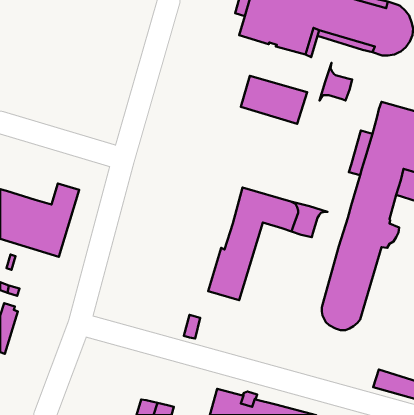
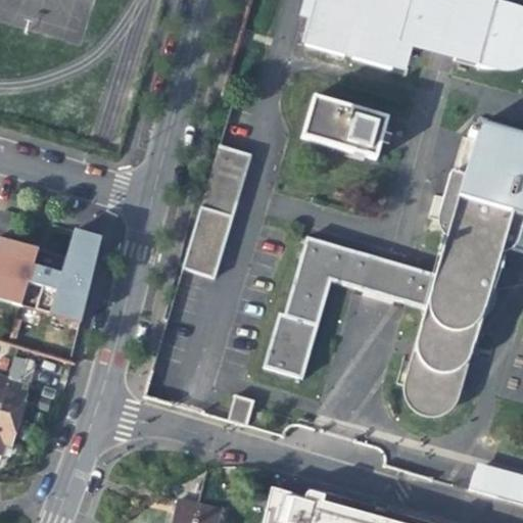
building: [319,63,352,101] -> none
building: none -> [183,142,253,277]
building: none -> [394,266,439,308]

